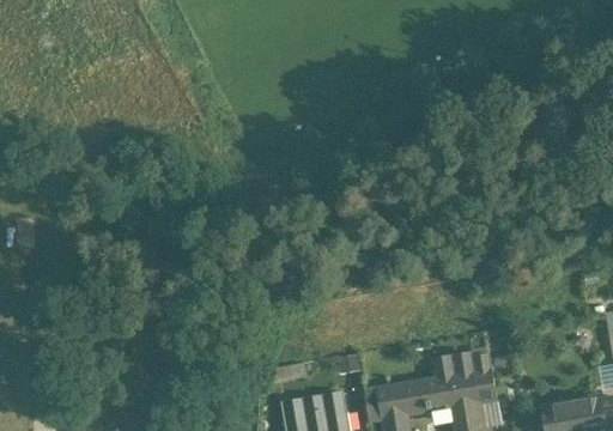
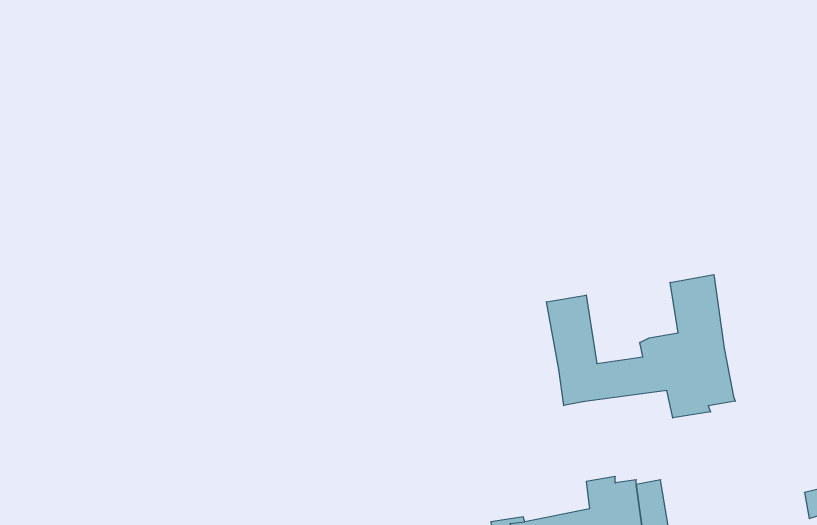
building: none -> [546,275,735,418]

